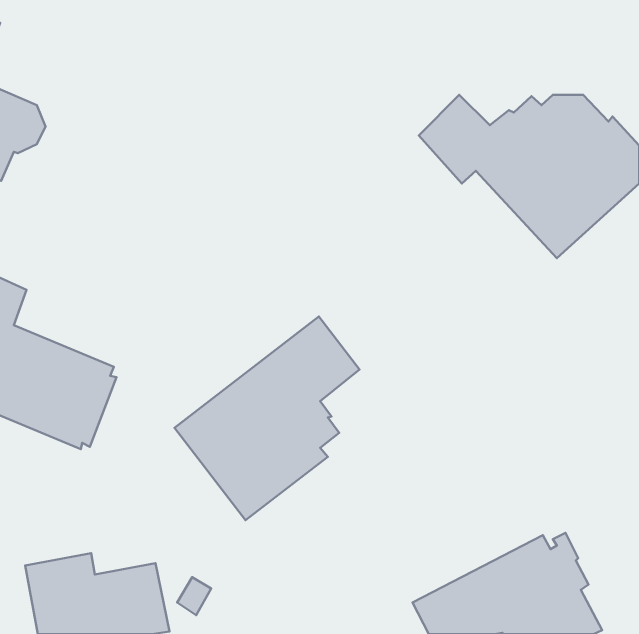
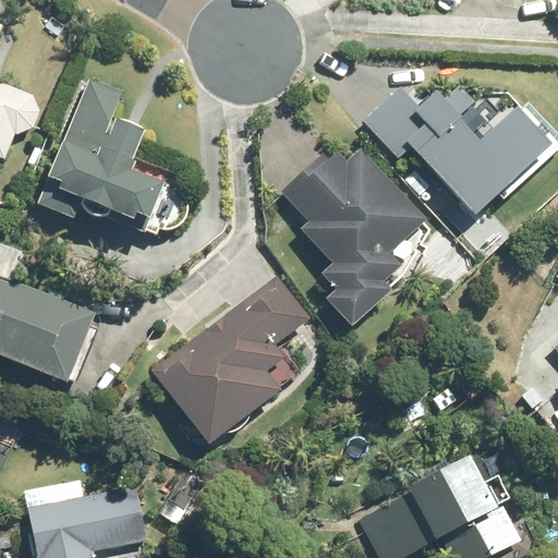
building: none -> [36,78,163,236]
building: none -> [282,145,427,330]

